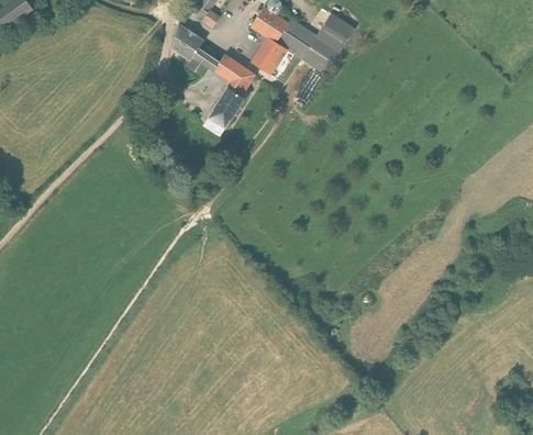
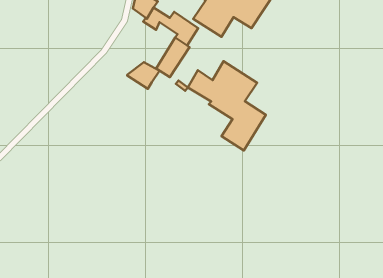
building: none -> [188,61,266,150]
building: none -> [127,62,160,89]

